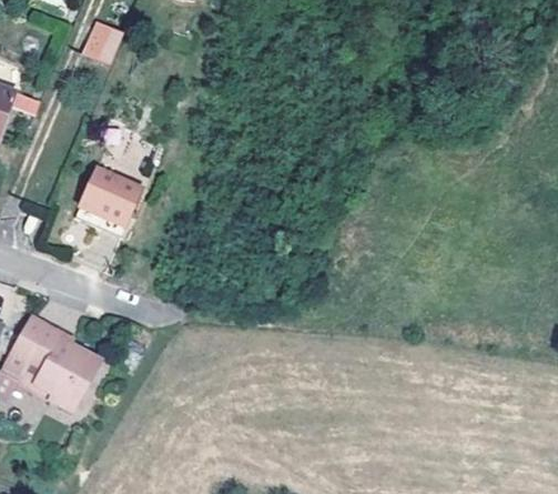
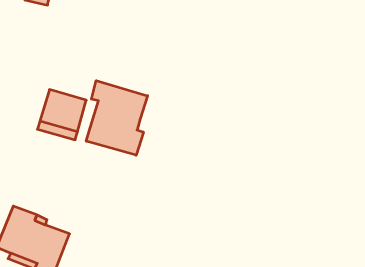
building: none -> [86,81,148,155]

